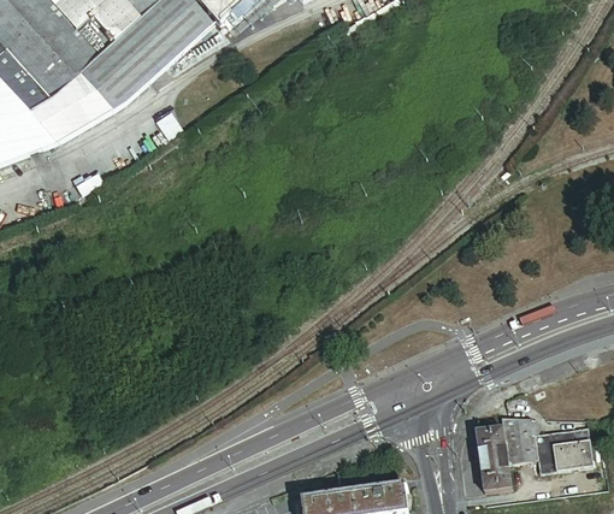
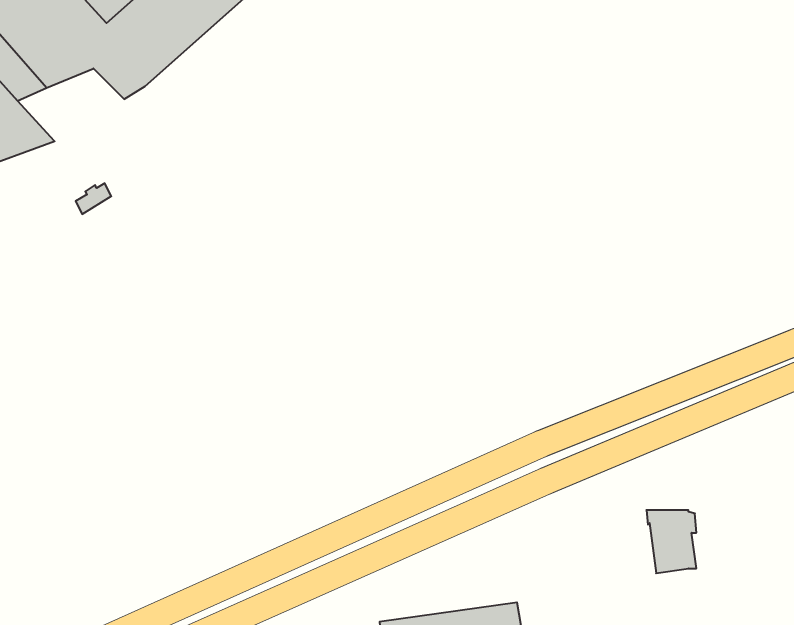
building: [33,88,112,142] -> none
building: [477,426,512,491] -> none
building: [535,426,594,473] -> none

